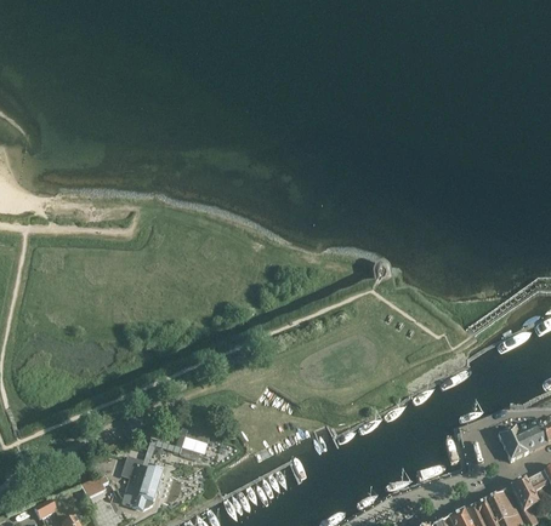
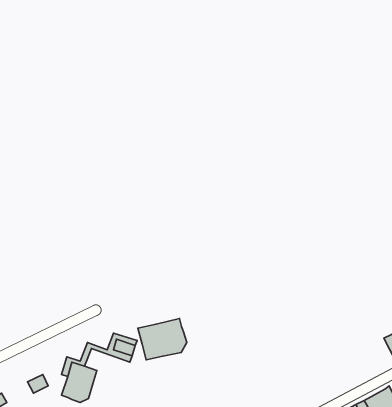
building: none -> [138,318,187,360]

